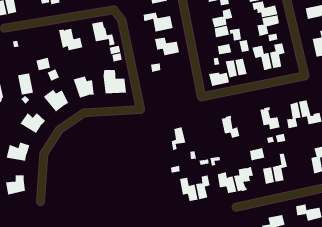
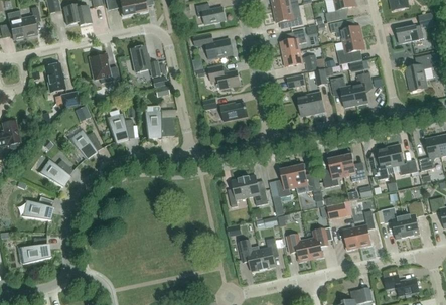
building: [208,72,230,87] -> [220,103,248,121]
building: [17,73,34,95] -> [44,63,65,92]
building: none -> [323,156,344,187]
building: none -> [271,167,296,201]
building: none -> [244,175,269,205]
building: none -> [382,207,408,239]

